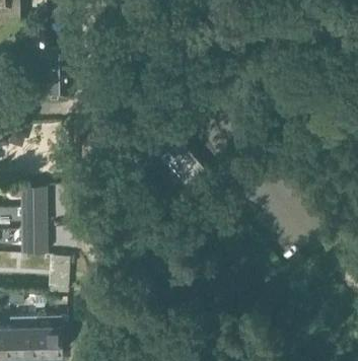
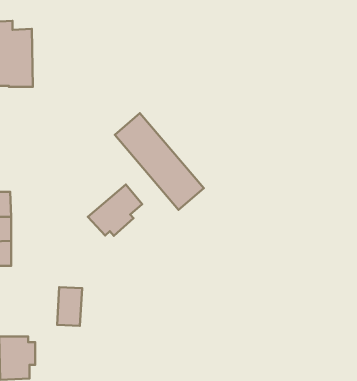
building: none -> [88,184,142,236]
building: [47,257,69,291] -> [57,287,82,326]

